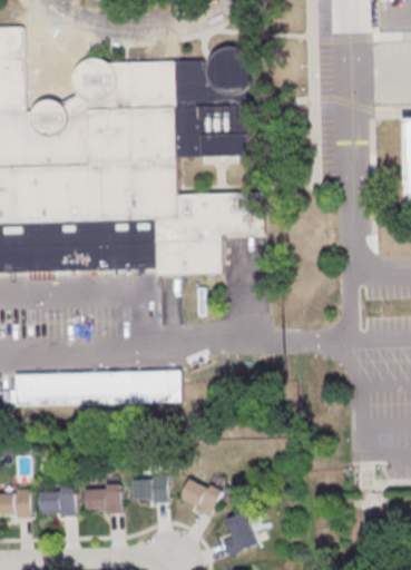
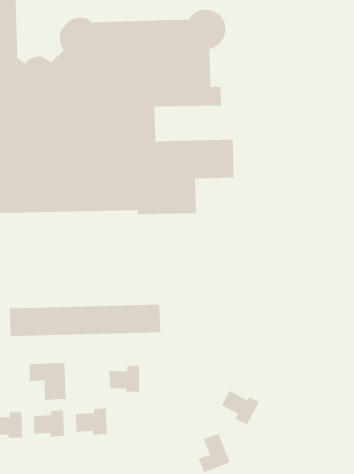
building: none -> [29,362,66,400]
building: [133,473,167,502] -> [108,366,140,392]
building: [182,478,224,515] -> [221,390,260,425]

